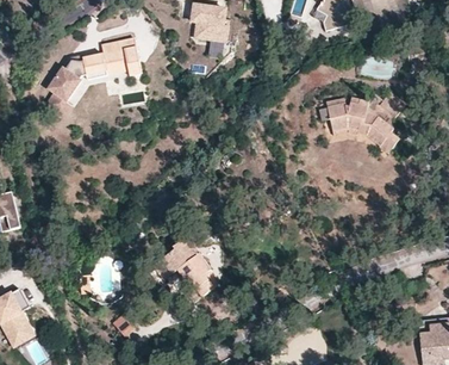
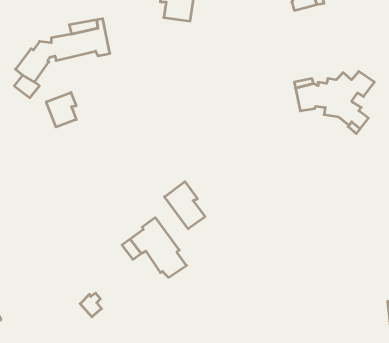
building: none -> [46,92,76,127]
building: none -> [164,182,205,229]

